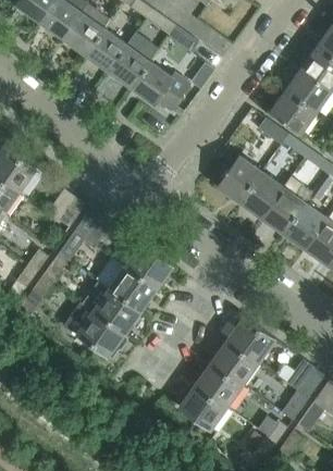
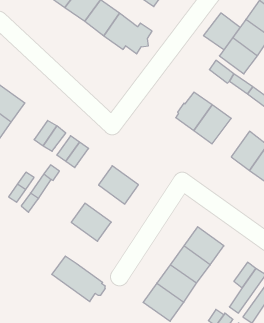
building: none -> [204,13,240,50]
building: [261,185,312,233] -> none
building: [109,267,157,311] -> none
building: [63,302,127,357] -> [52,256,105,302]

